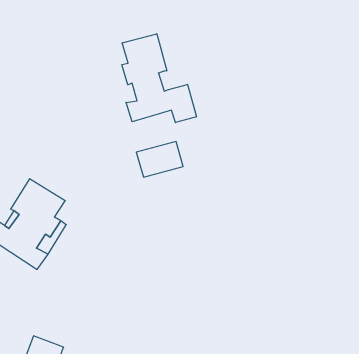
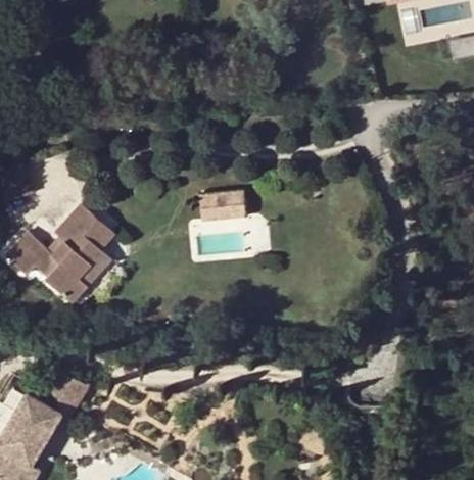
building: [122,34,196,123] -> none

